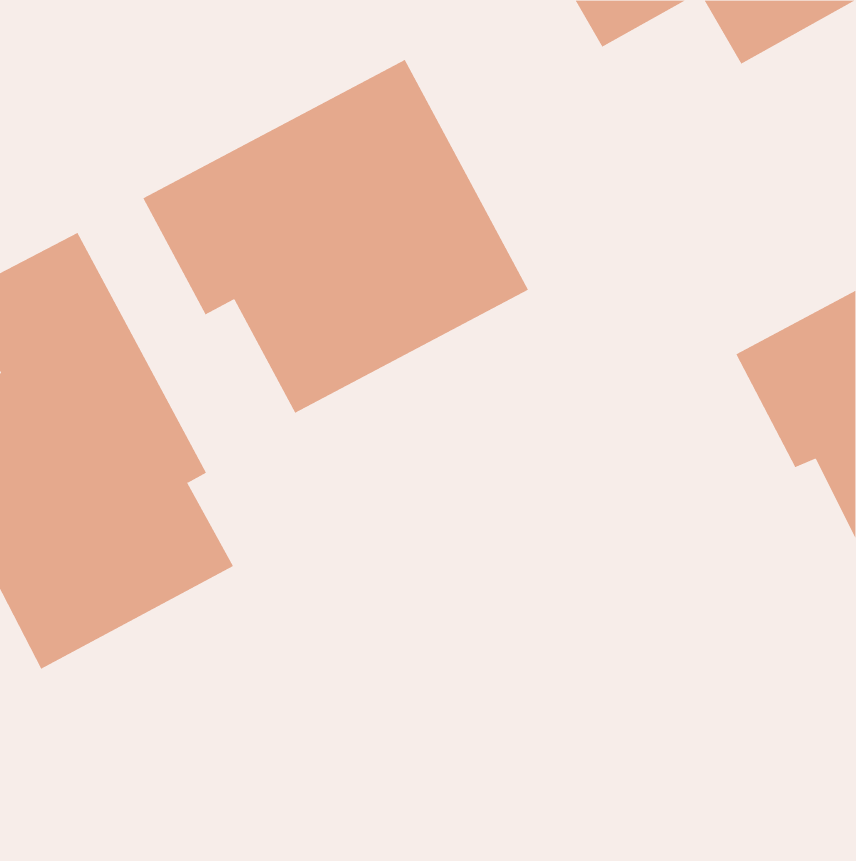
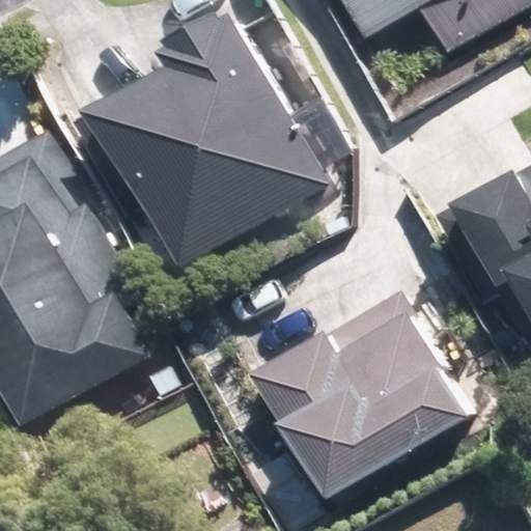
building: none -> [269,301,468,487]

